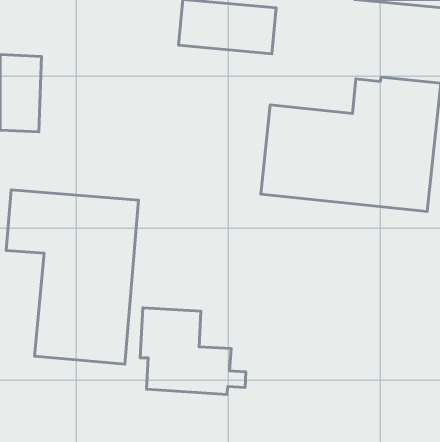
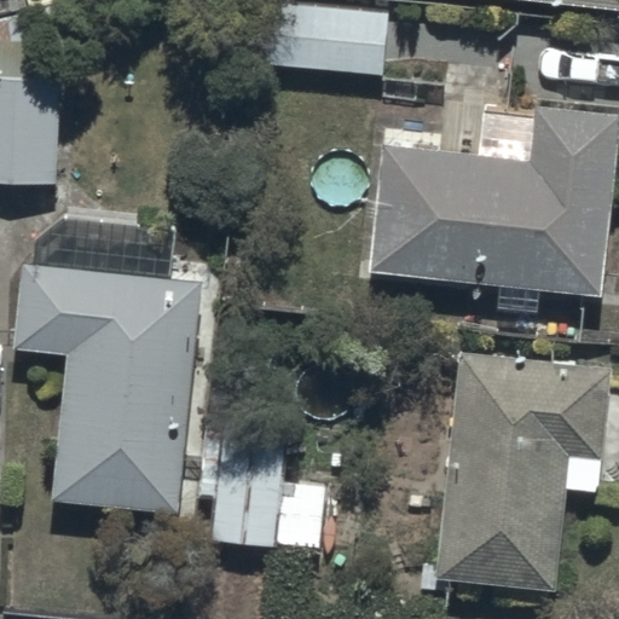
building: none -> [447,353,608,591]

